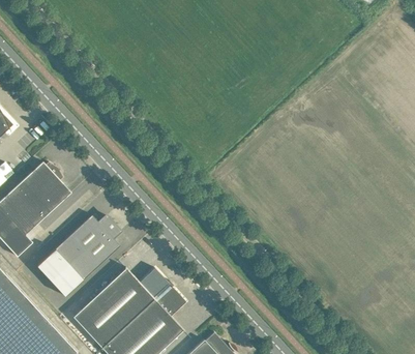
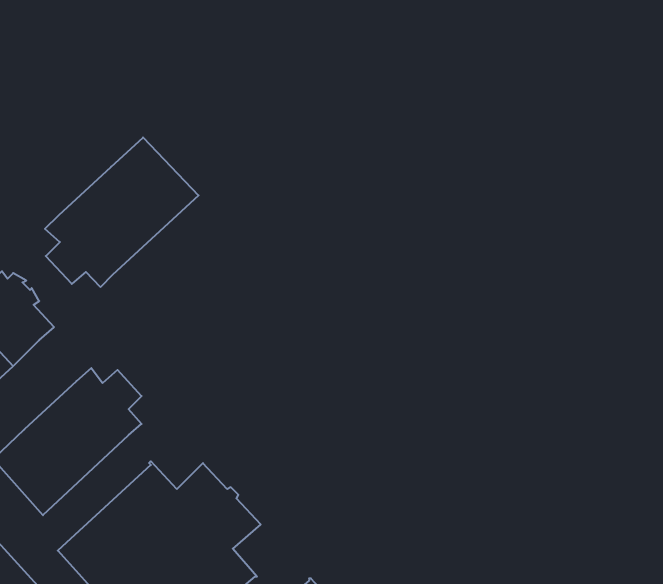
building: none -> [45,137,199,287]

